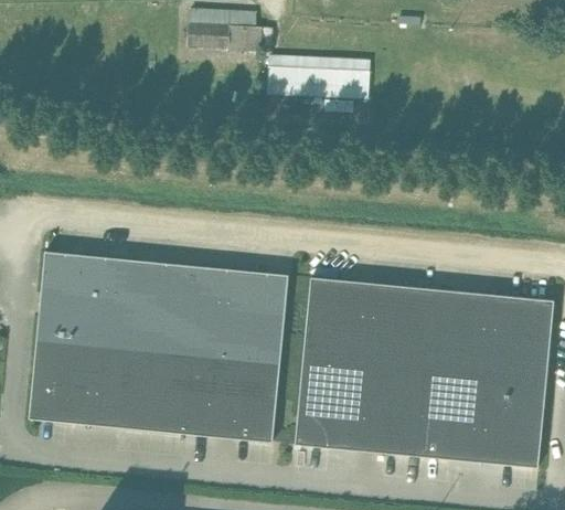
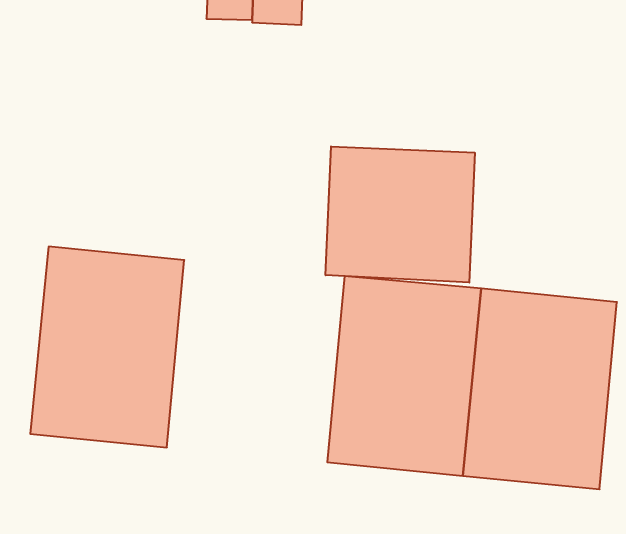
building: [267,65,370,98] -> none
building: none -> [326,146,475,283]
building: [151,263,289,442] -> none

